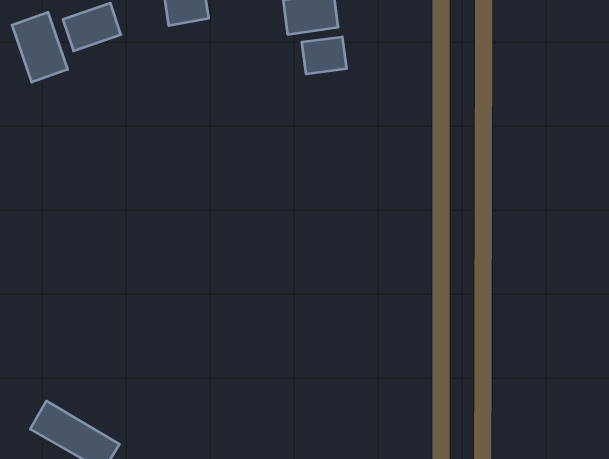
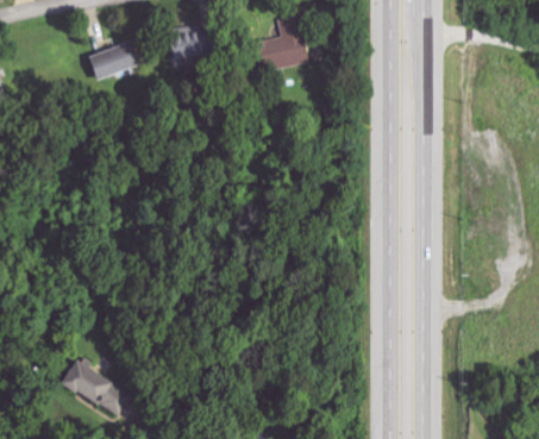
building: [12,12,68,82] -> none
building: [302,37,347,74] -> none

